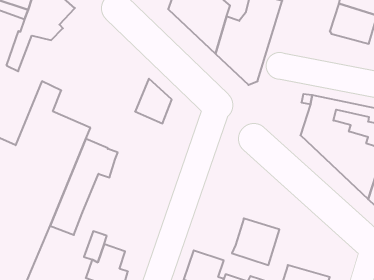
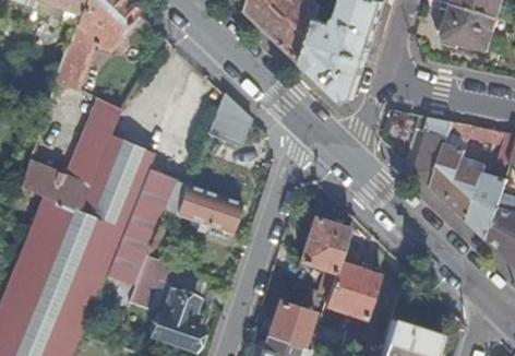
building: none -> [178,185,242,233]
building: none -> [298,216,350,295]
building: none -> [127,257,176,315]

